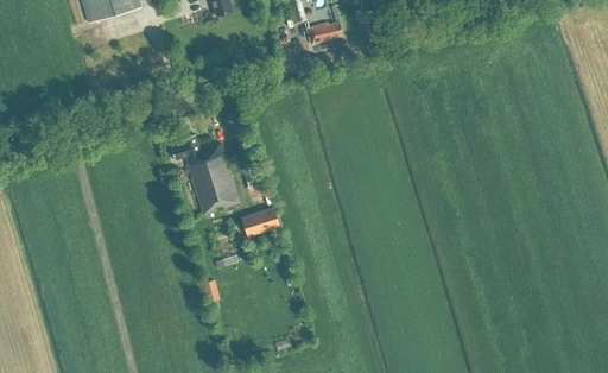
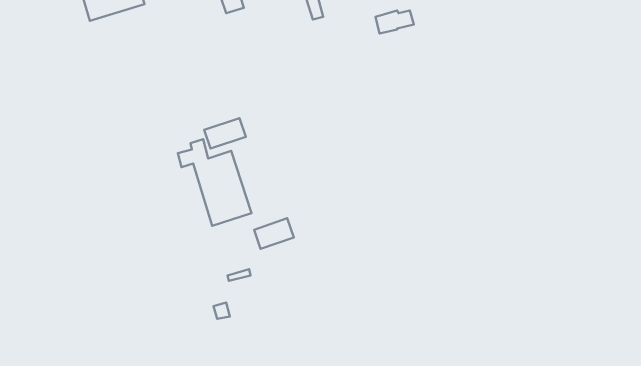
building: [306,21,342,43] -> [376,11,414,33]
building: none -> [204,118,246,148]

